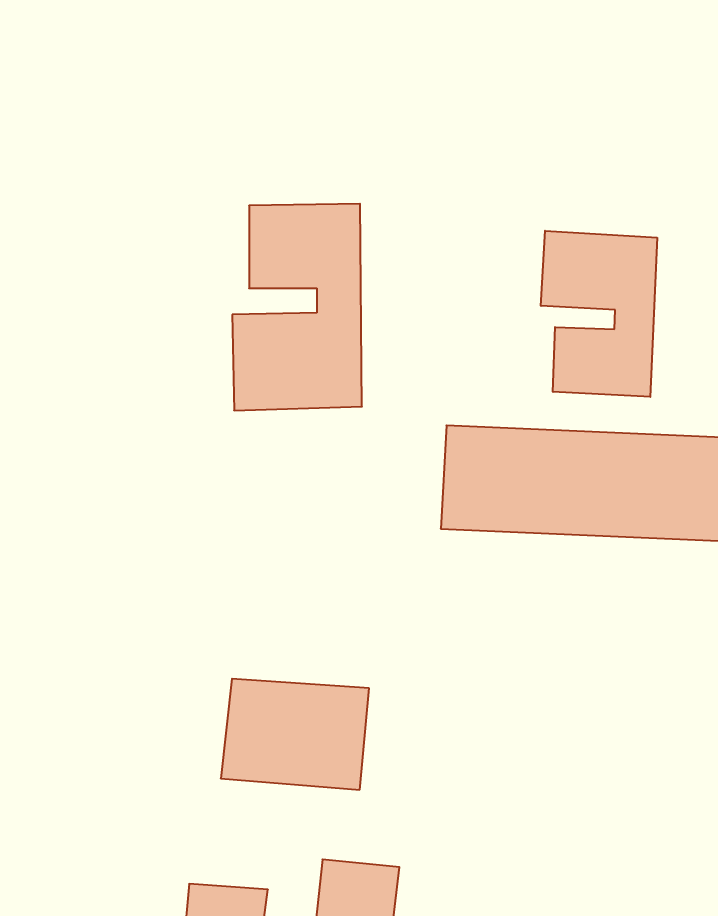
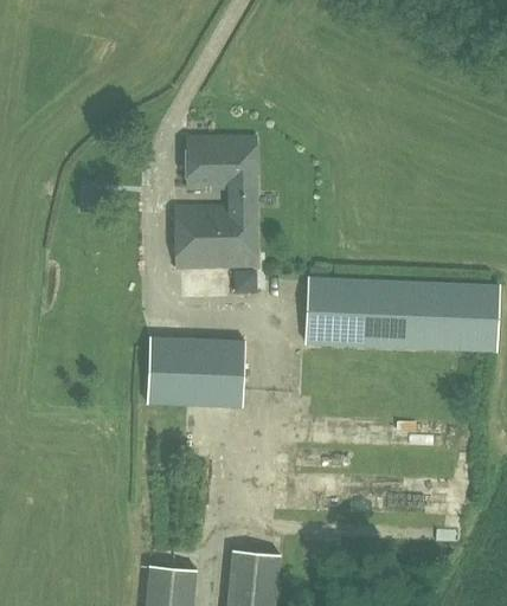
building: [541,231,657,397] -> none
building: [221,679,369,790] -> [153,333,246,402]

